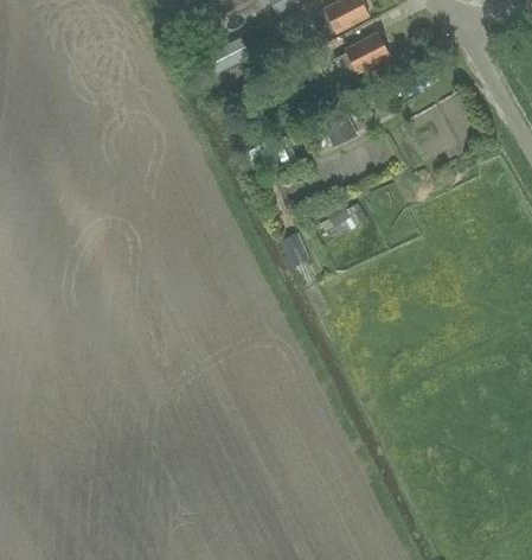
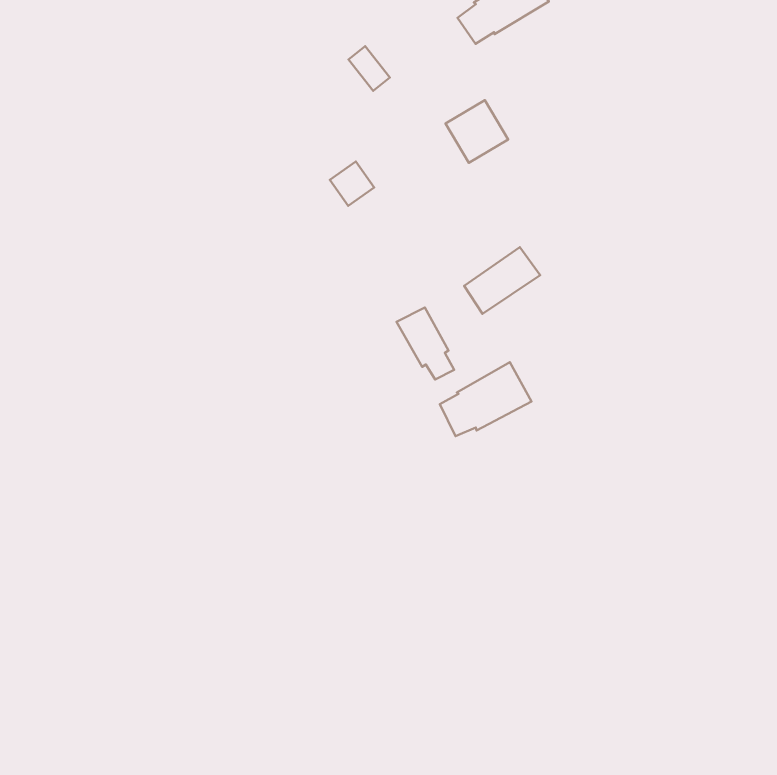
building: none -> [440,362,531,436]

